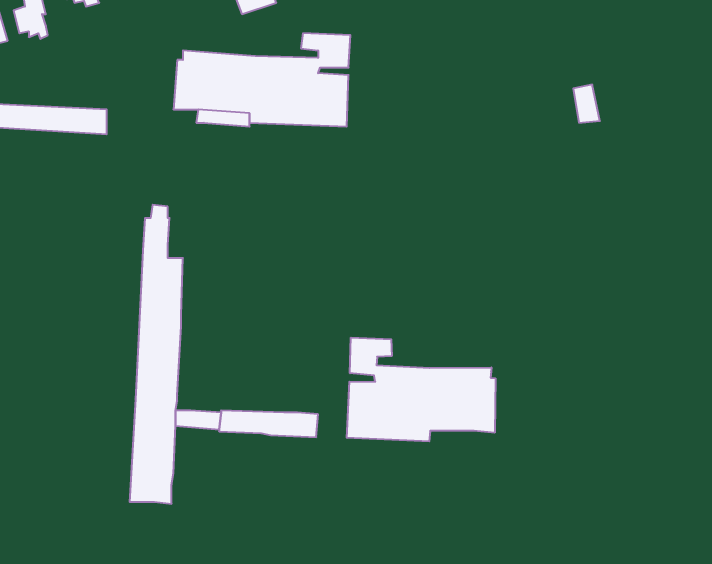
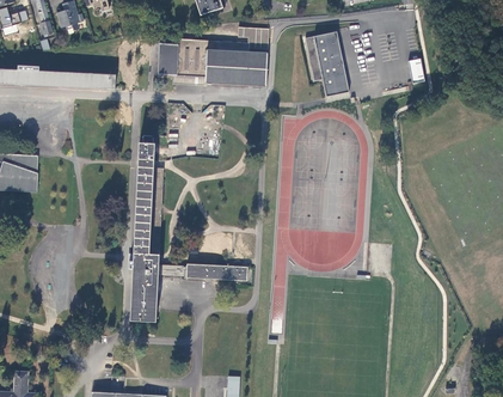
building: none -> [303,31,348,97]
building: [347,338,495,441] -> none

